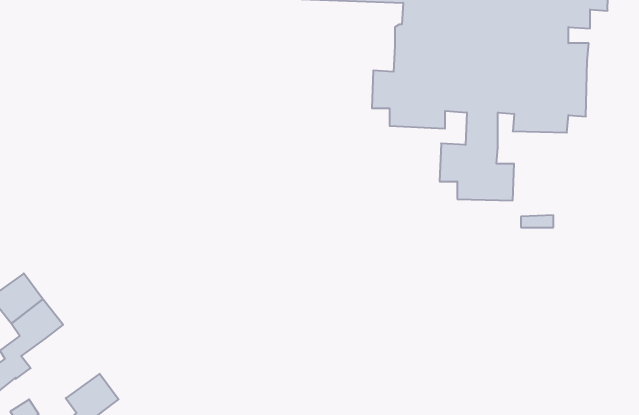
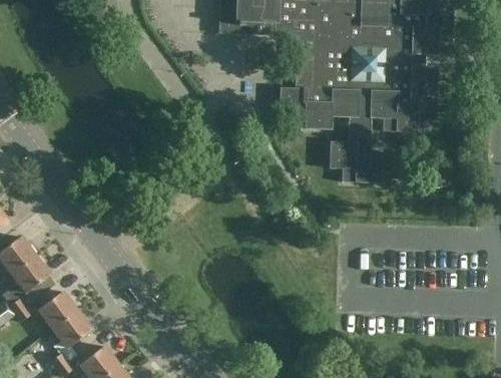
building: none -> [16,291,78,329]

